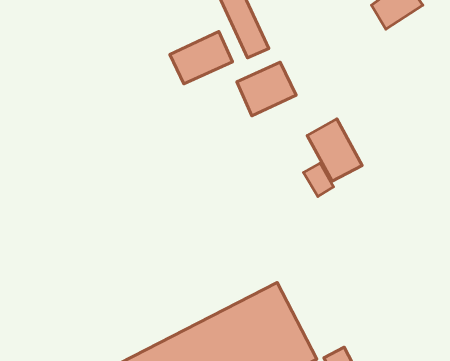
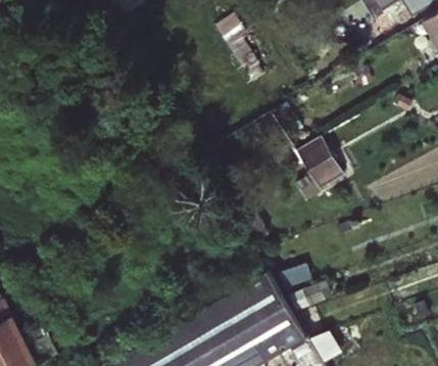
building: [170,32,232,84] -> none
building: [237,62,296,116] -> none

